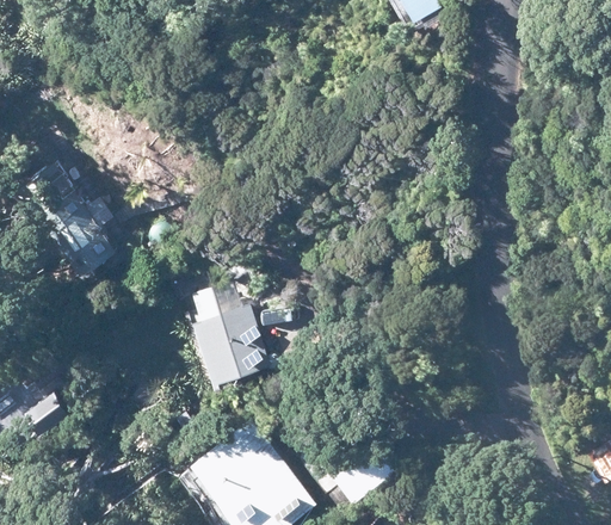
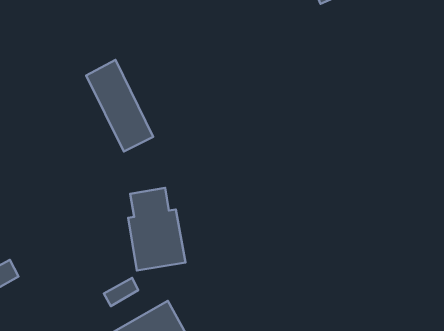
building: [20,163,112,274] -> [86,60,153,151]

